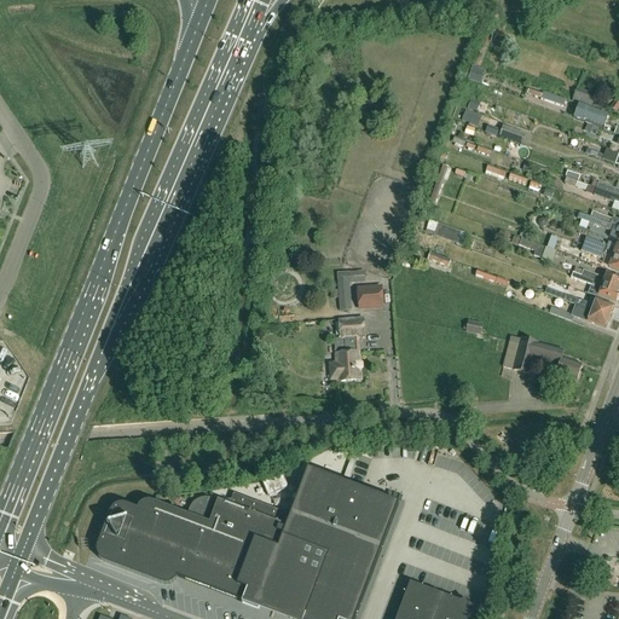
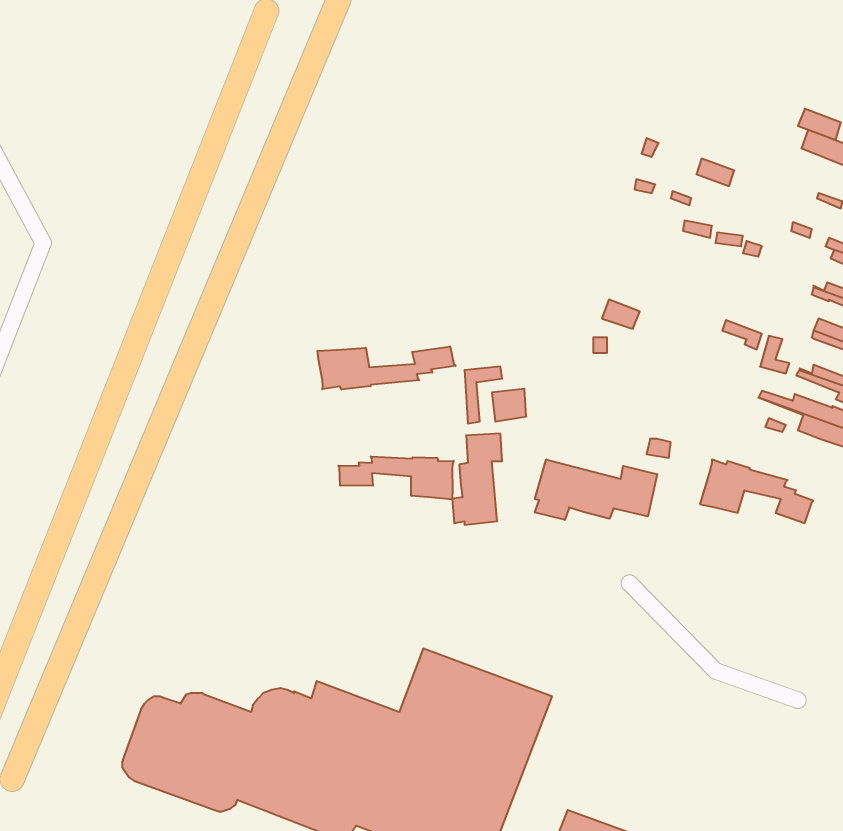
building: none -> [317,346,456,390]
building: none -> [338,456,454,499]
building: none -> [535,459,657,520]

